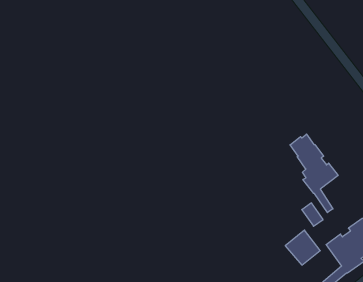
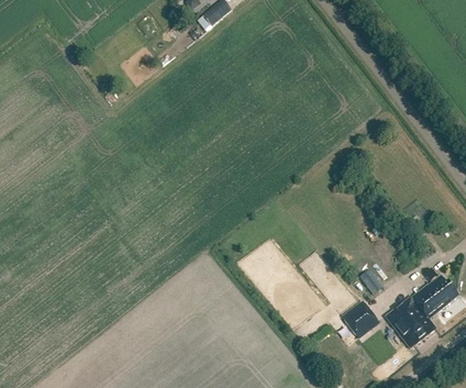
building: [290,134,338,213] -> none

